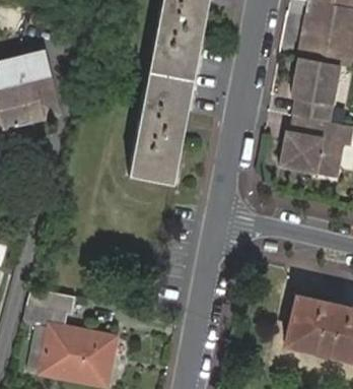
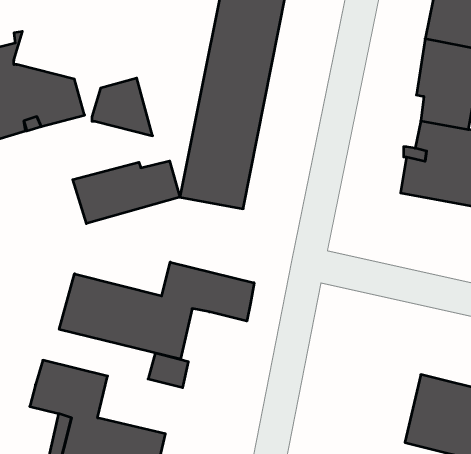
building: [12,47,55,87] -> [92,78,153,136]
building: none -> [73,161,180,224]
building: none -> [59,262,254,359]

